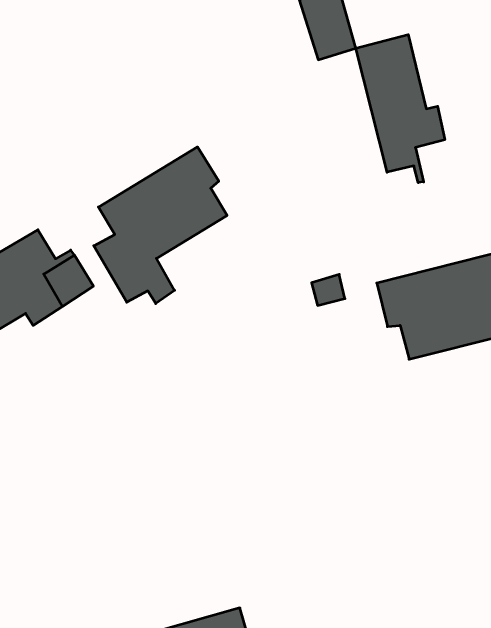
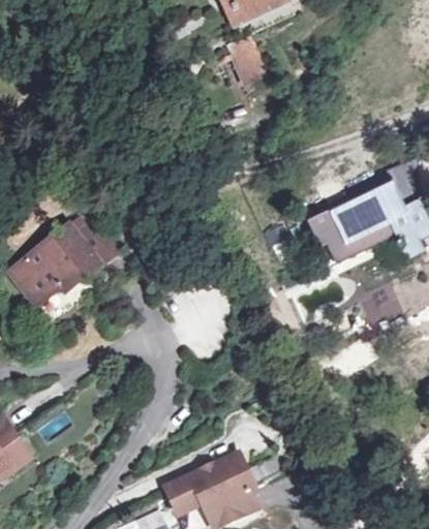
building: [356,35,445,183] -> none
building: [94,147,227,304] -> none

